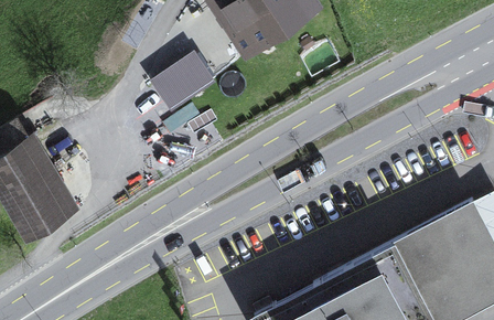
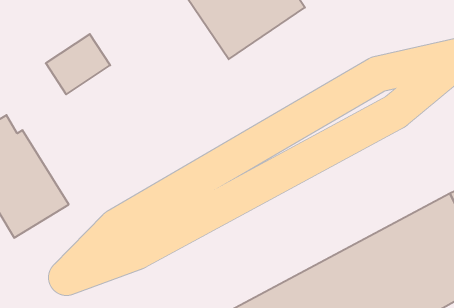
building: [150,51,216,113] -> [46,34,110,94]

